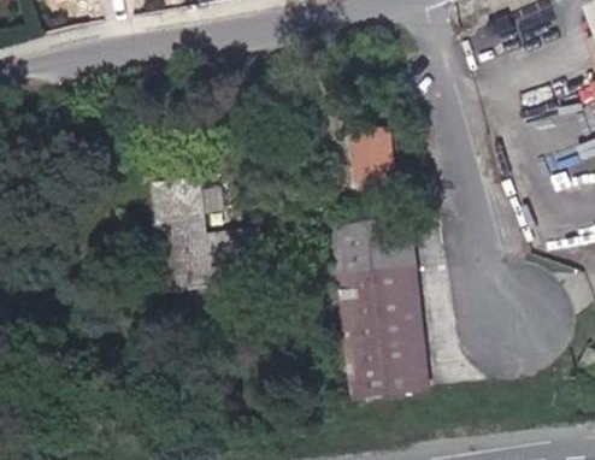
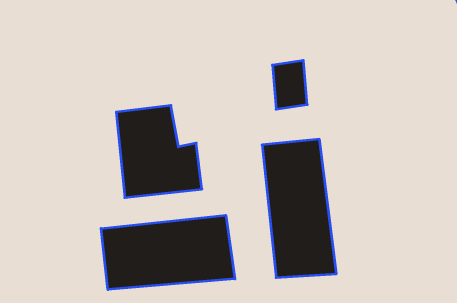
building: none -> [101,215,235,290]

